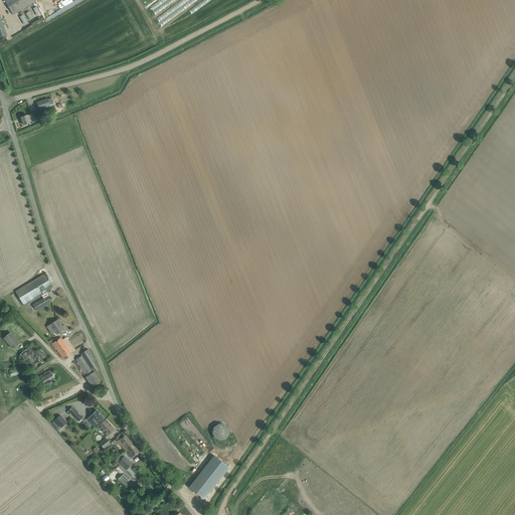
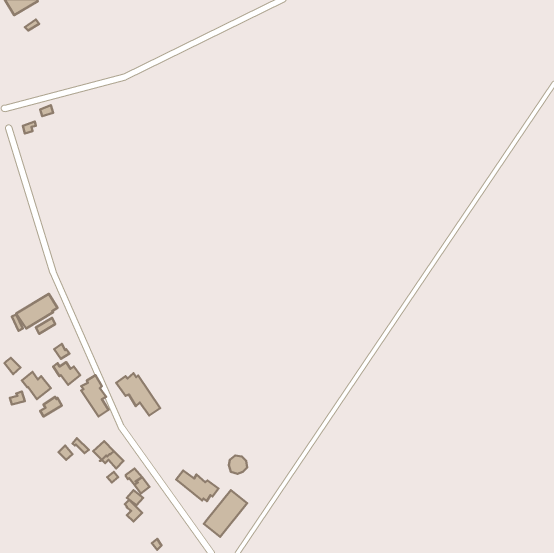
building: none -> [116,373,160,415]
building: none -> [176,471,219,501]

